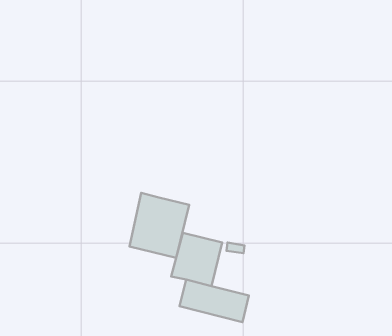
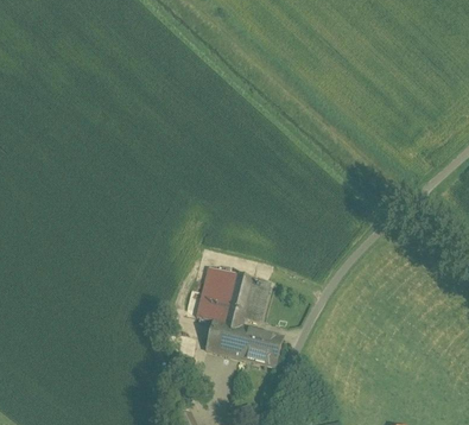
building: [129,193,189,258] -> none

